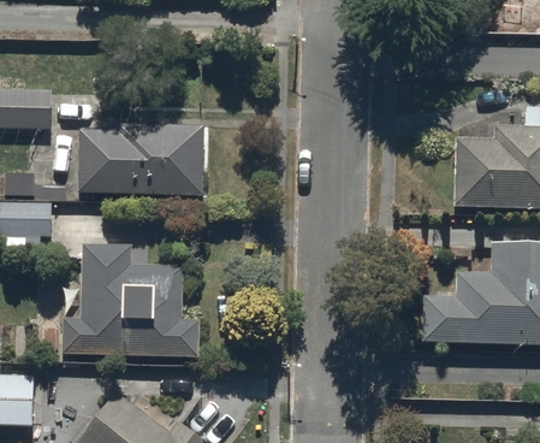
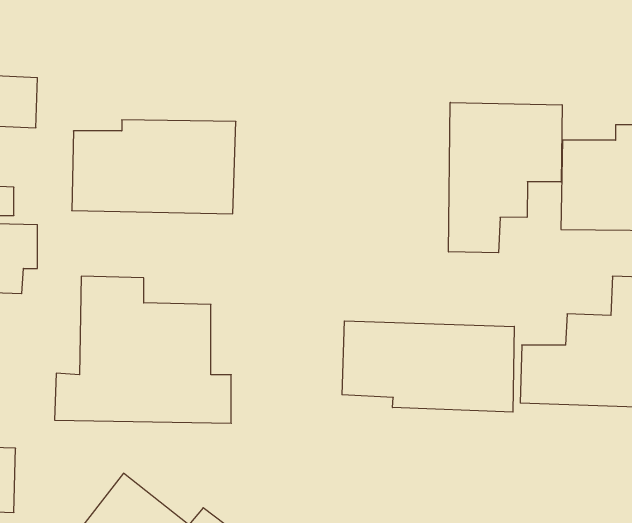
building: none -> [449,102,562,253]
building: none -> [342,321,514,412]

